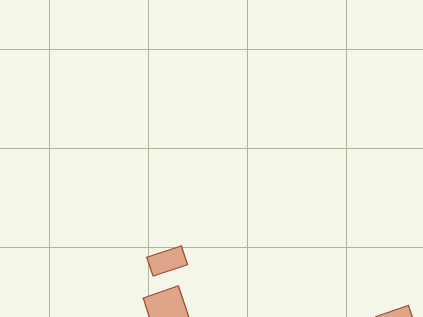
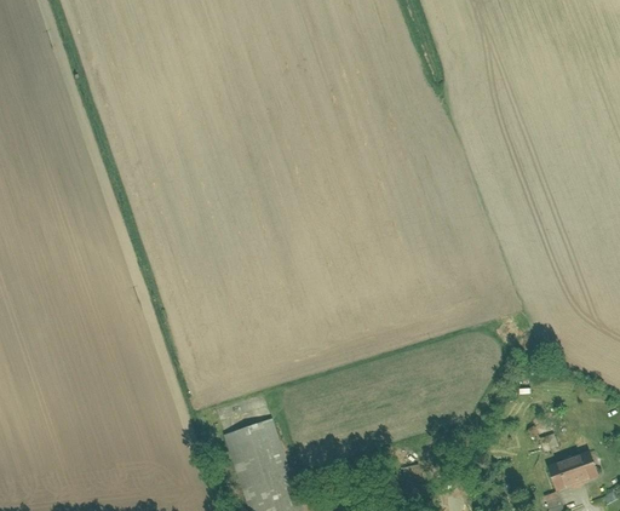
building: [147,246,187,276] -> none

